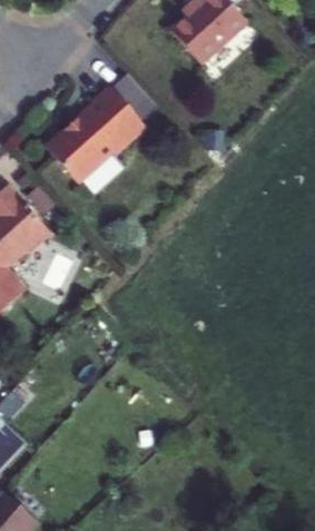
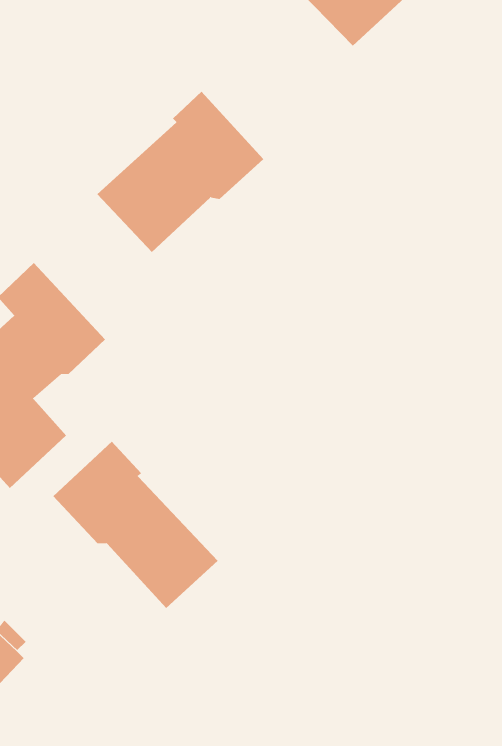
building: none -> [53,441,219,609]

